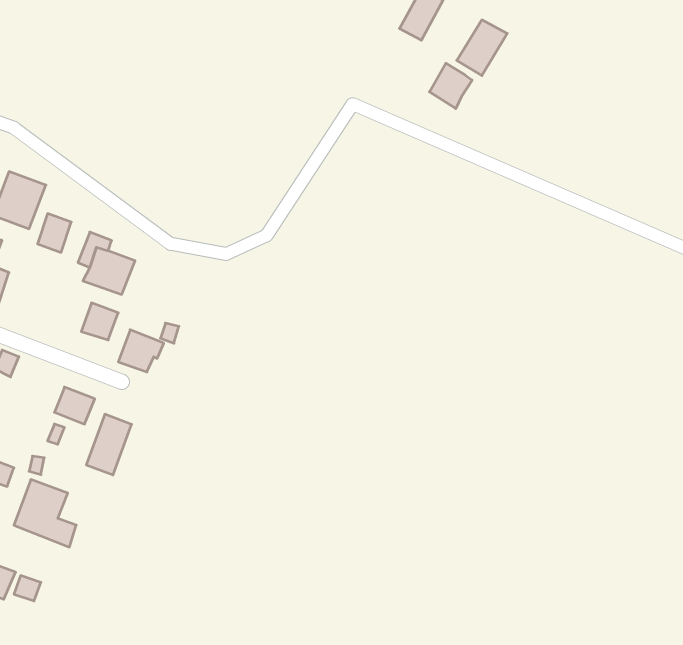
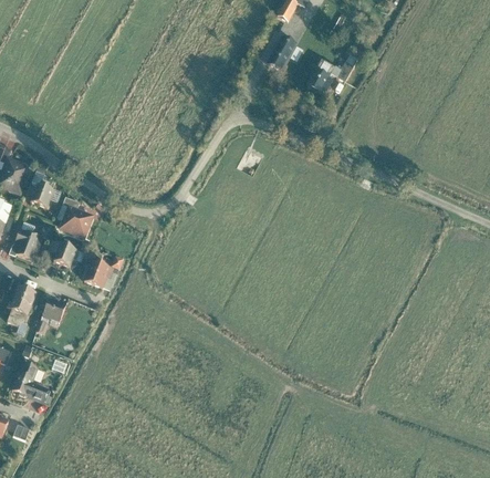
building: [429,63,472,109] -> none
building: none -> [14,230,41,258]
building: [86,414,132,475] -> [10,285,40,325]

